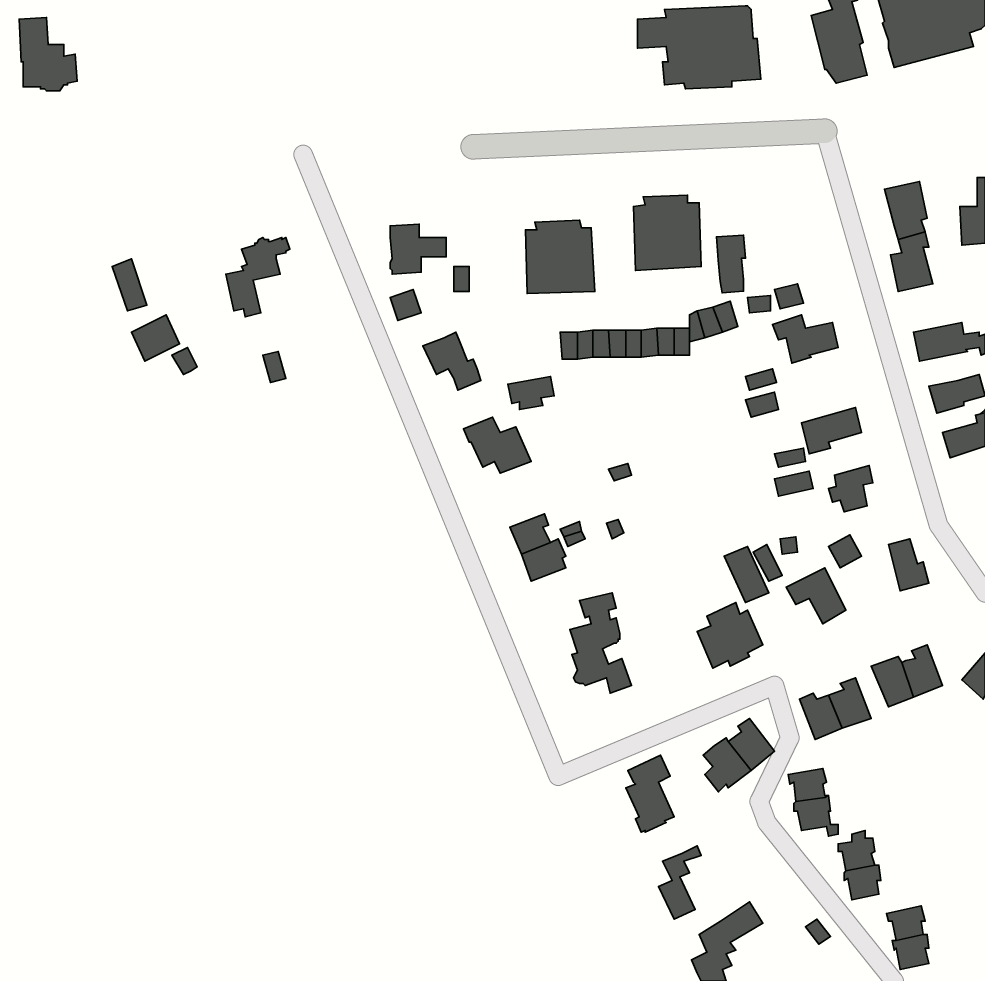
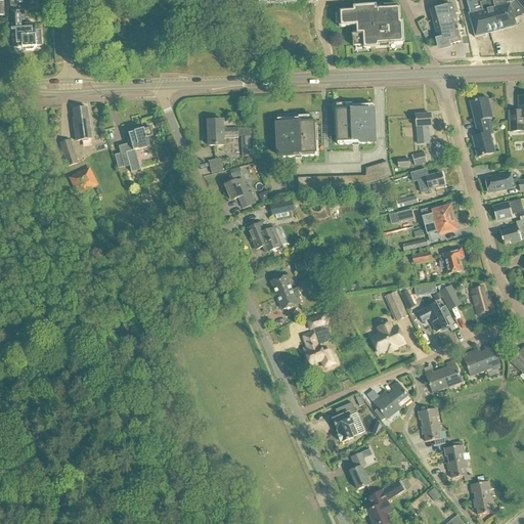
building: none -> [73,105,91,139]
building: [716,235,745,293] -> [414,112,430,142]
building: none -> [421,204,453,224]

